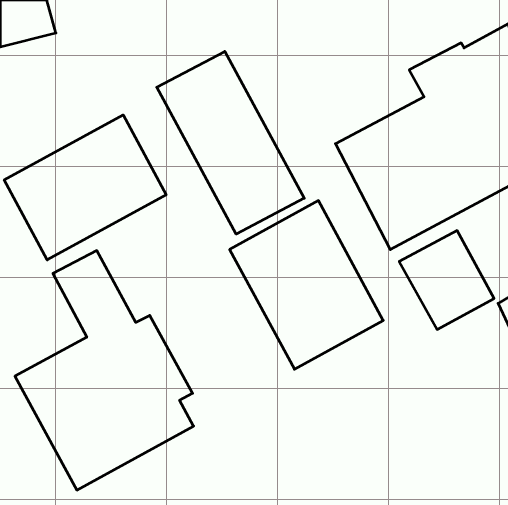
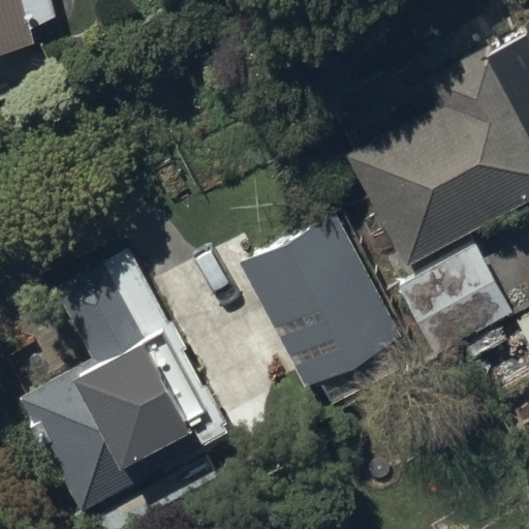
building: [157,51,304,234] -> none
building: [4,115,166,260] -> none

